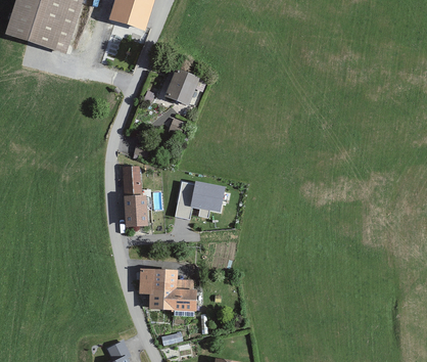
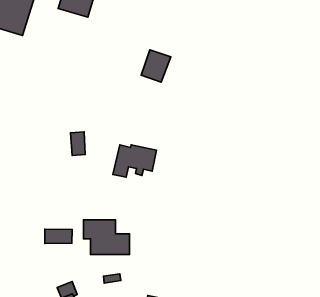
building: [163,69,198,106] -> [141,50,171,82]
building: [122,196,147,228] -> none
building: none -> [45,229,72,244]

